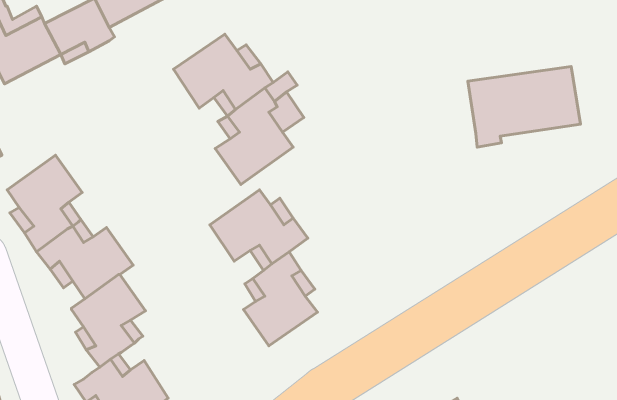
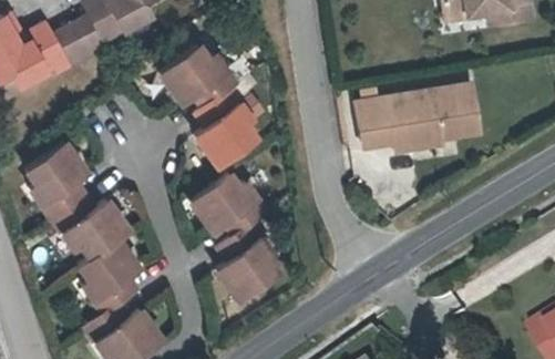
building: none -> [370,86,408,134]

